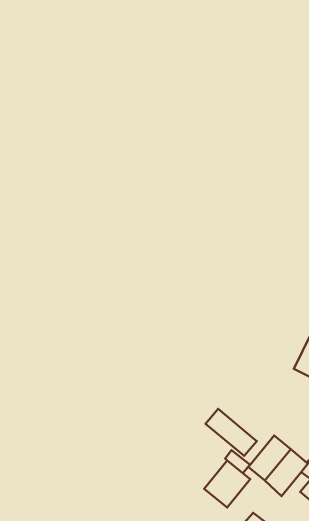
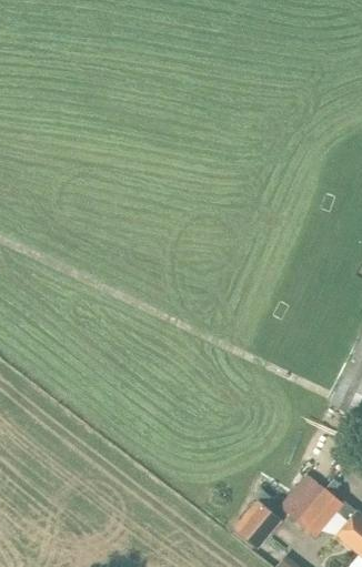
building: [206,409,257,456] -> none

